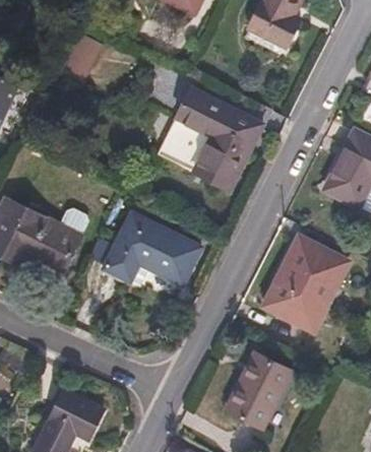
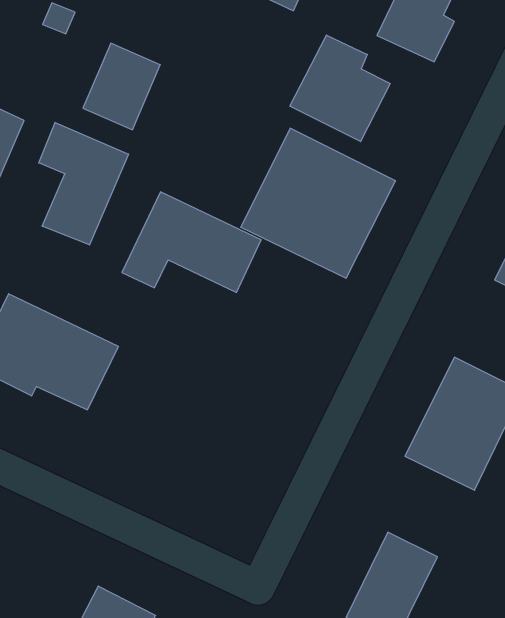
building: none -> [290,35,390,142]
building: none -> [39,122,129,245]
building: [107,215,198,281] -> [122,192,261,292]

